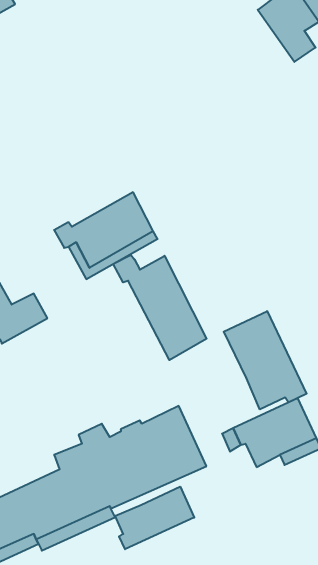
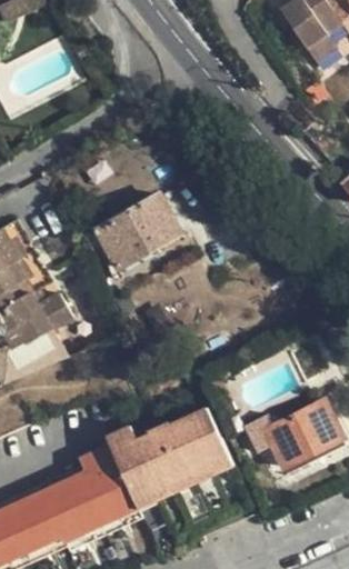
building: [113,255,207,360] -> none
building: [224,311,307,409] -> none
building: [115,487,194,549] -> none

